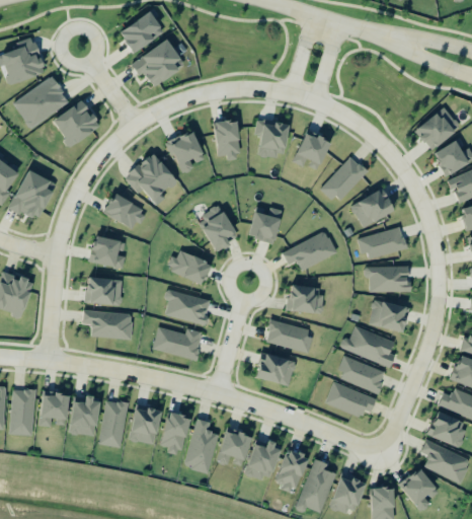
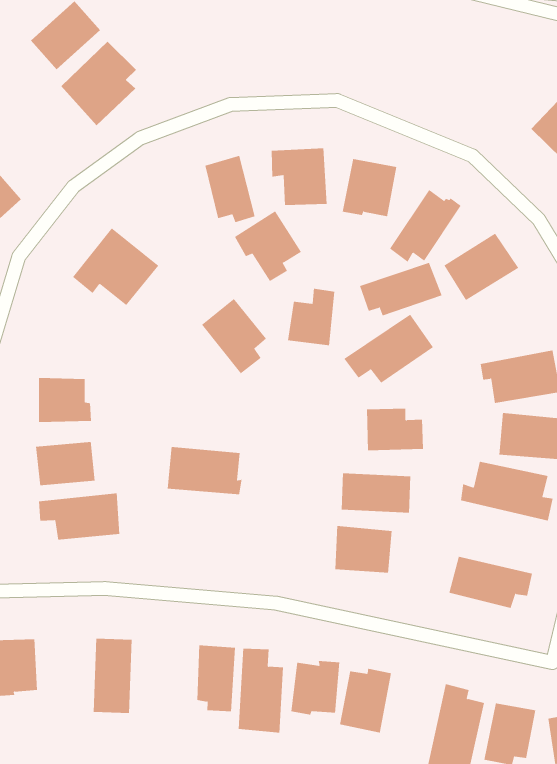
building: [166,130,206,172] -> [234,211,302,282]
building: [104,194,146,228] -> none
building: [358,228,407,256] -> [359,262,443,316]
building: [166,249,214,284] -> none
building: [151,326,200,360] -> none
building: [337,355,385,393] -> none
building: [70,396,100,435] -> none
building: [131,404,162,444] -> none
building: [276,448,309,492] -> none

